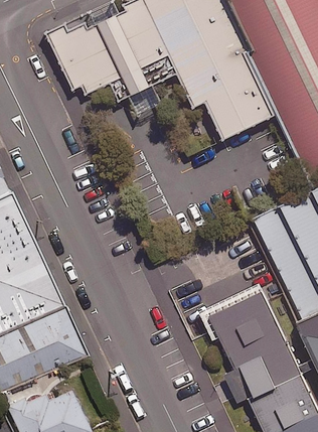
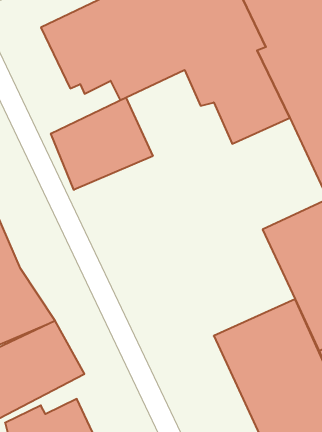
building: none -> [51,98,153,190]

